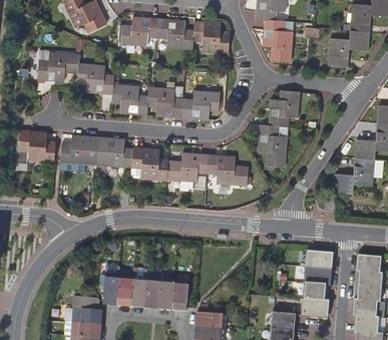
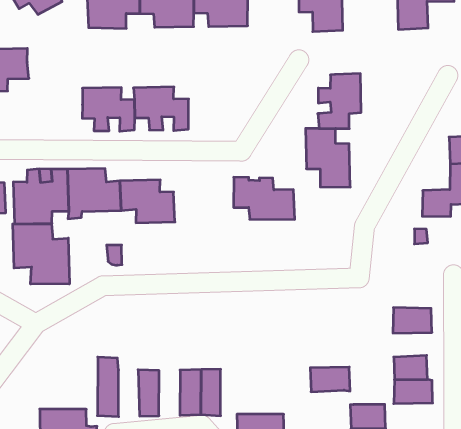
building: [77,62,113,94] -> none
building: [181,90,219,119] -> none
building: [166,151,209,181] -> none
building: none -> [13,224,69,284]
building: [304,267,331,285] -> [310,367,350,392]
building: [116,274,132,306] -> none
building: [143,277,160,308] -> none

